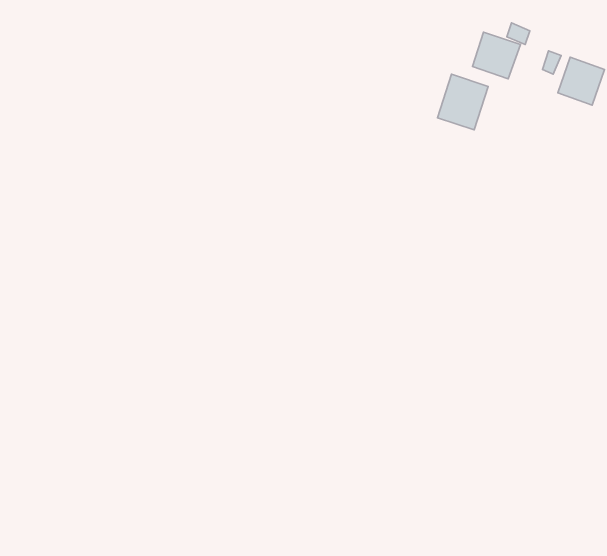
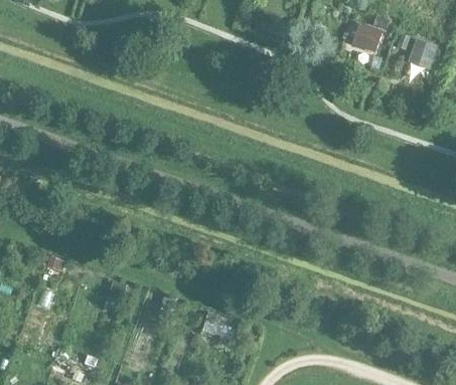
building: [438,74,488,130] -> none

